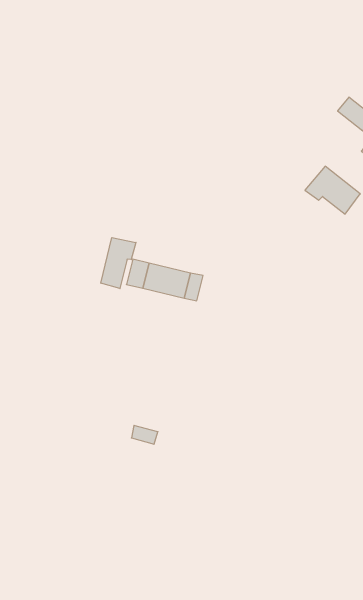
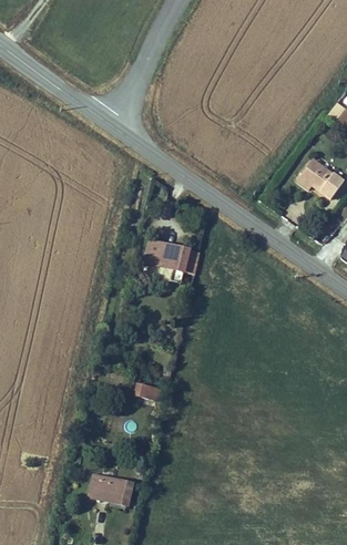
building: [101,238,136,289] -> none
building: none -> [91,479,132,510]

